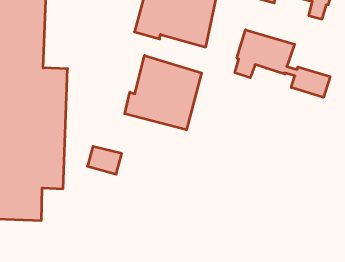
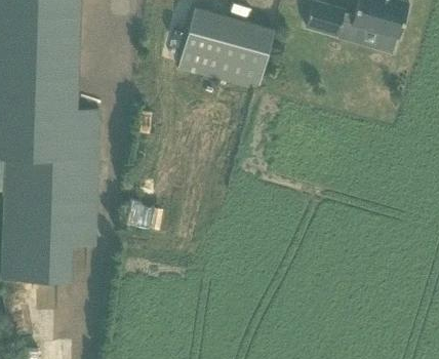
building: [235,30,330,97] -> none
building: [125,55,202,130] -> none

